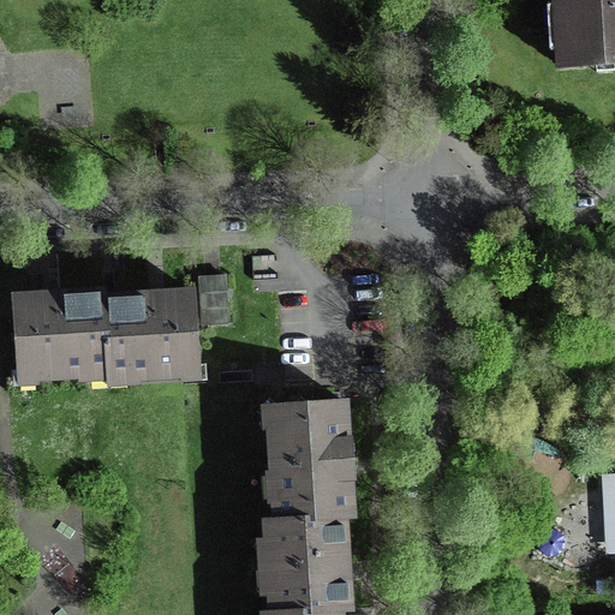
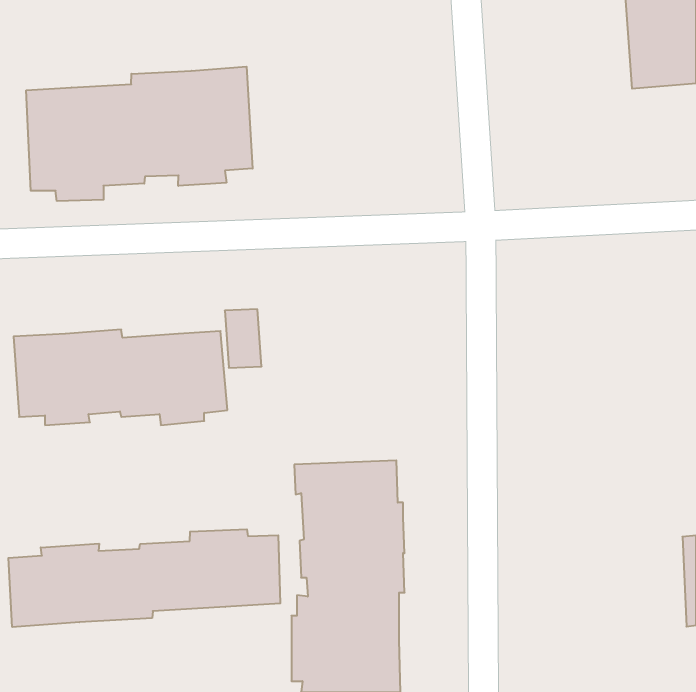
building: none -> [26,67,253,201]
building: none -> [8,529,280,627]

